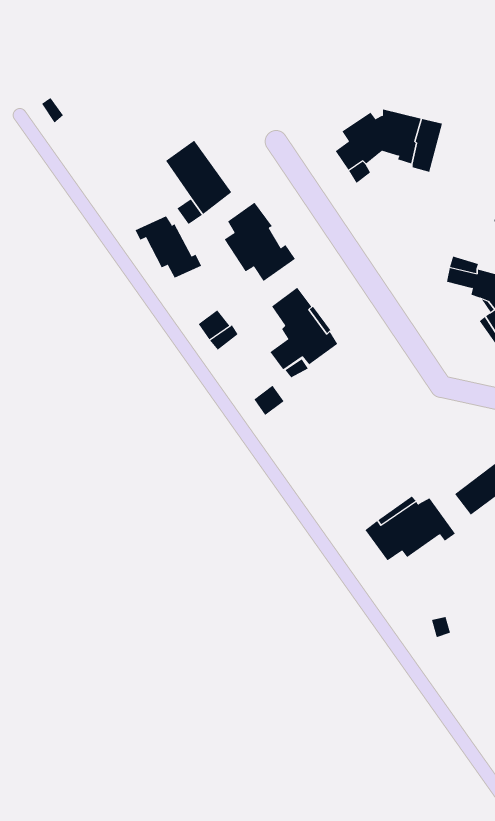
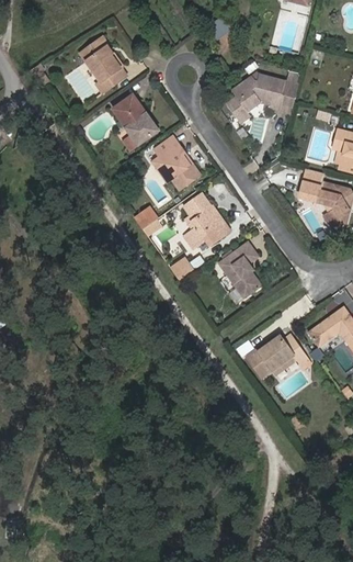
building: none -> [80,37,127,93]
building: [135,215,202,279] -> none
building: none -> [218,241,262,299]

